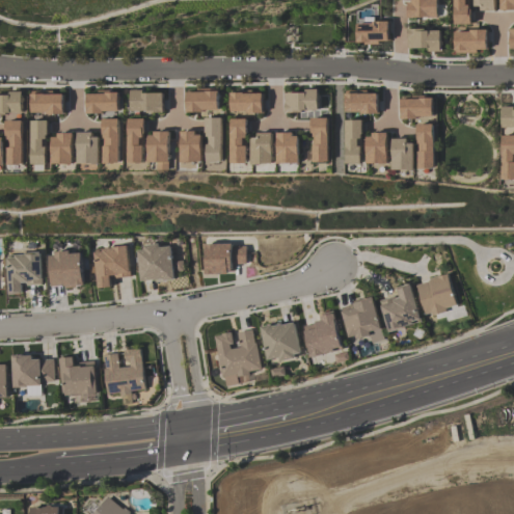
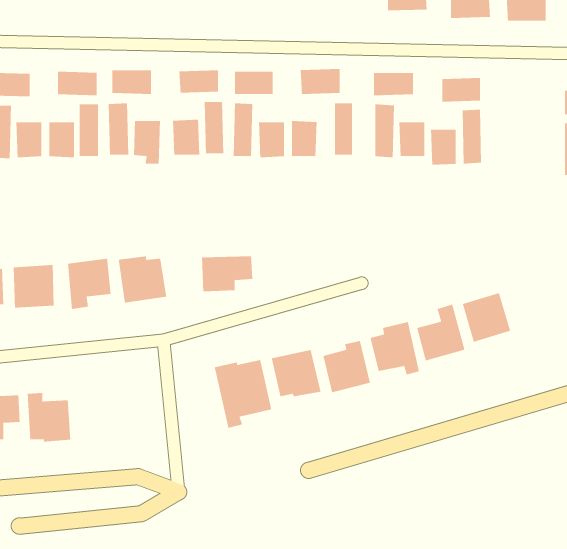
building: [102,348,144,404] -> none

